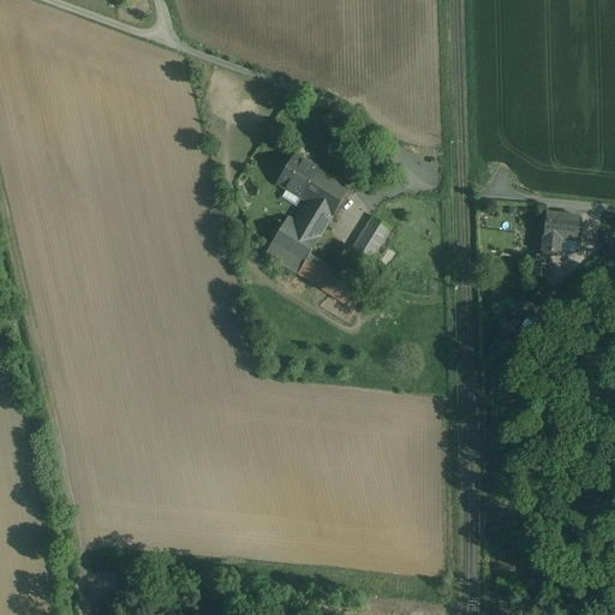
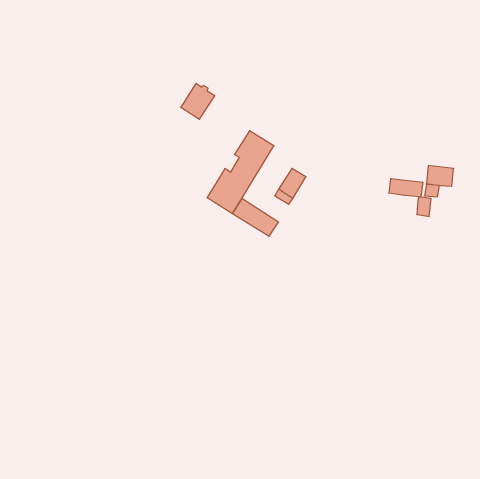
building: [275,151,318,197] -> [181,83,215,119]
building: none -> [389,178,423,197]

